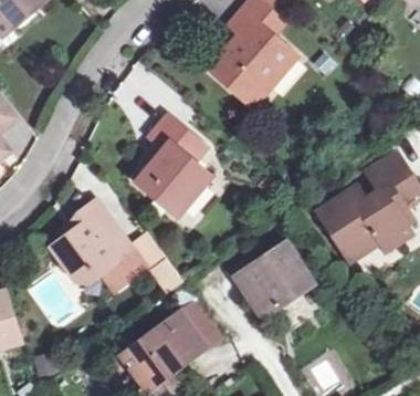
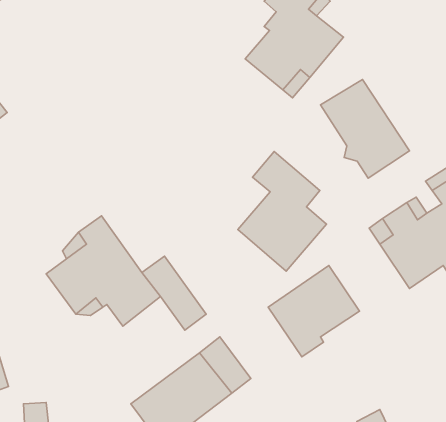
building: none -> [320,79,409,178]
building: [137,116,210,215] -> [238,152,327,271]

